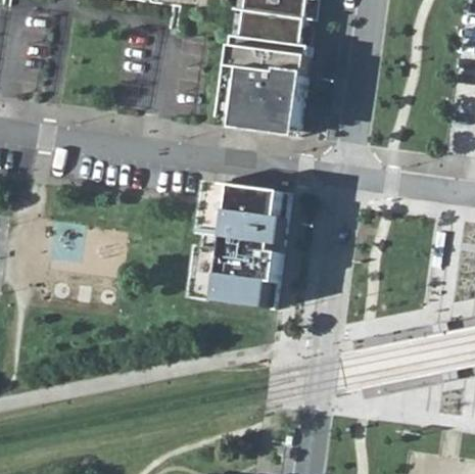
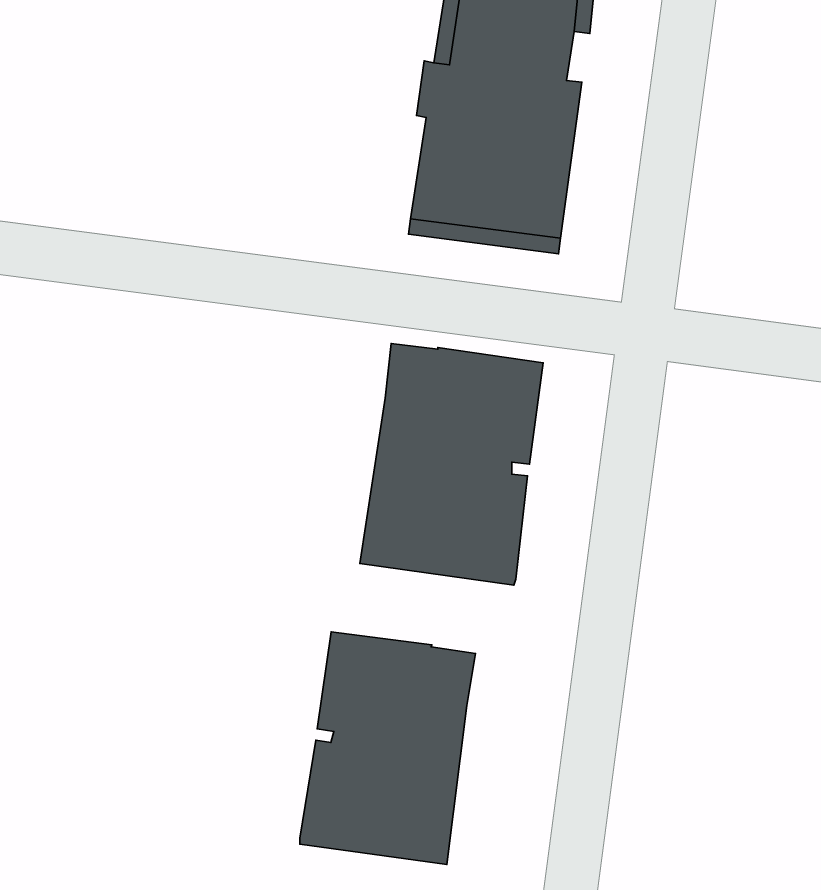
building: none -> [300,632,476,865]

